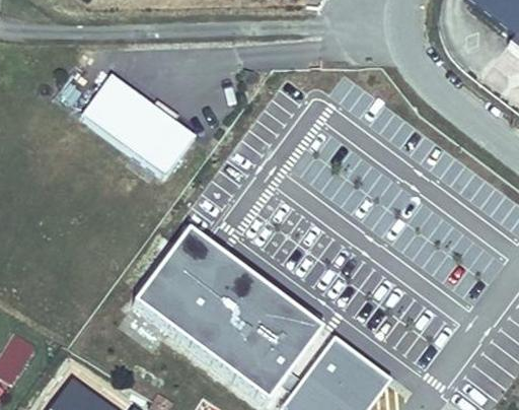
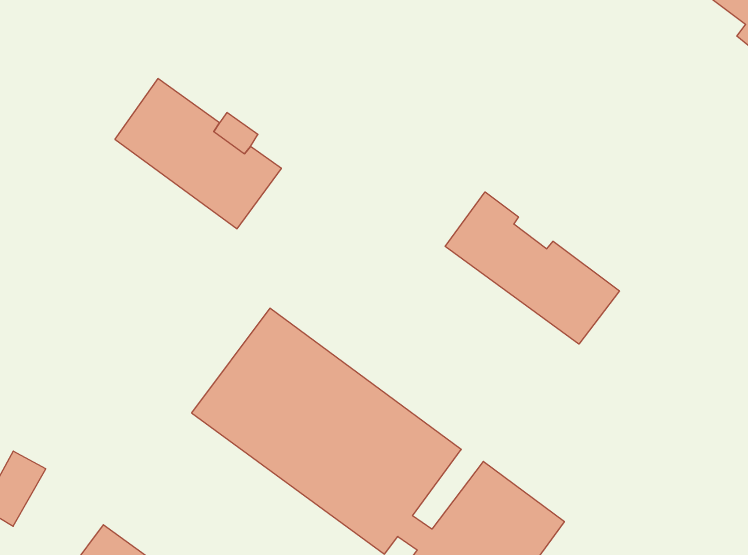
building: none -> [445,192,619,344]

